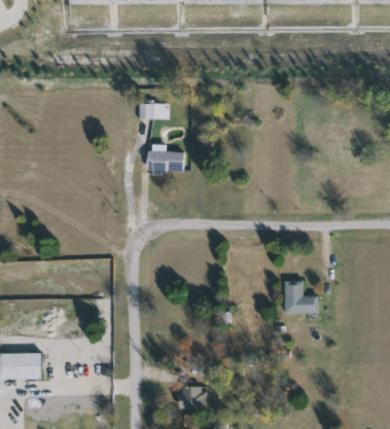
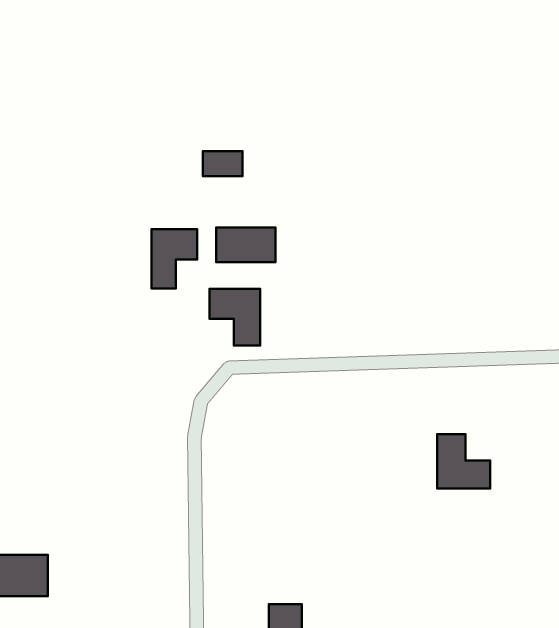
building: none -> [151,229,197,288]
building: none -> [209,289,260,345]

